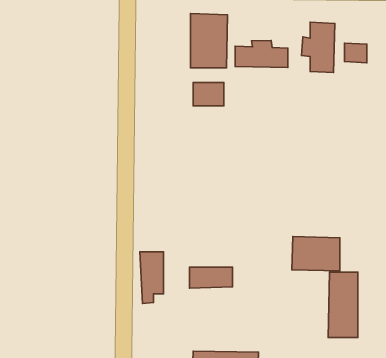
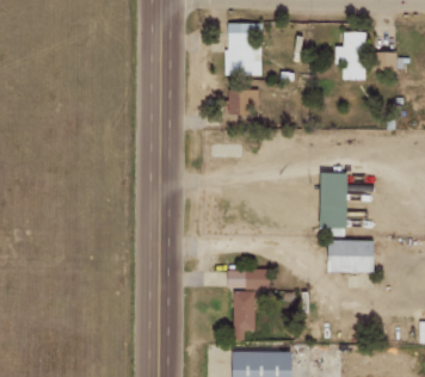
building: [235,40,288,67] -> none
building: [140,252,163,304] -> [232,290,254,340]
building: [328,272,358,338] -> [318,172,346,235]

